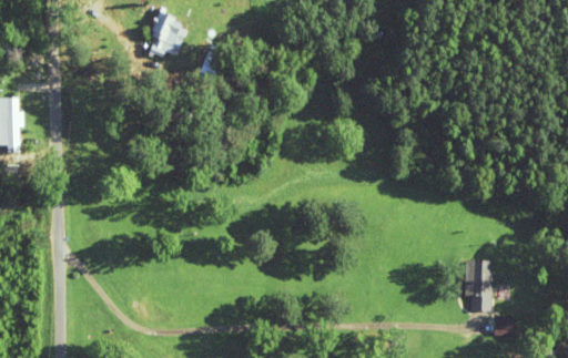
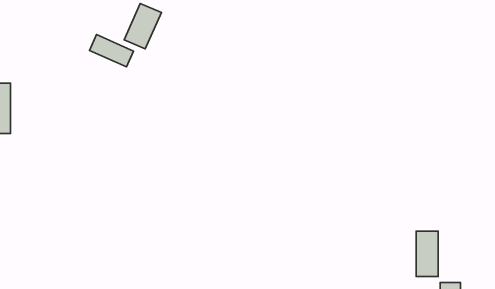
building: none -> [89,35,133,67]

